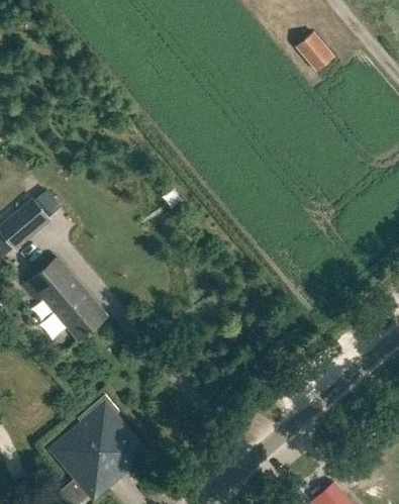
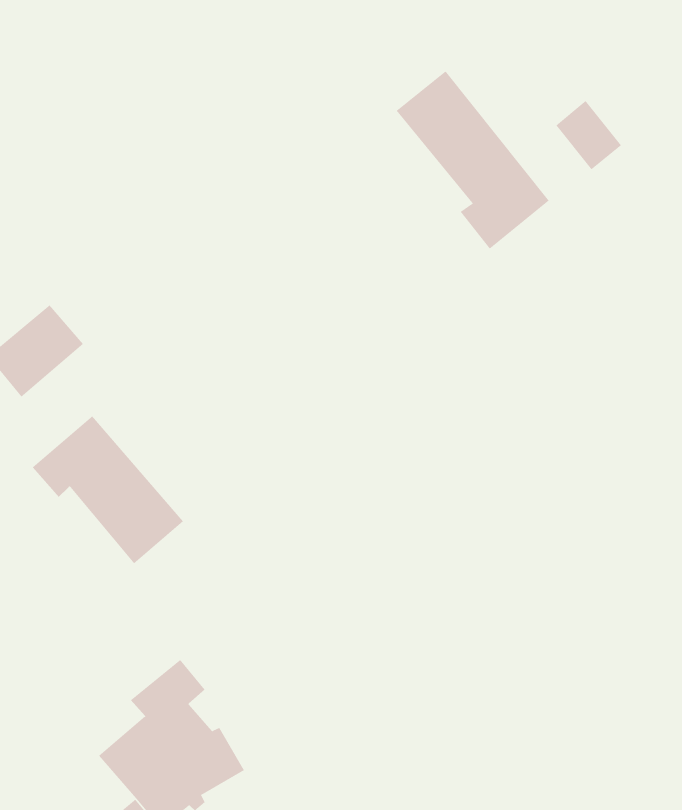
building: [297,32,334,72] -> [556,100,622,170]
building: none -> [396,70,550,250]

